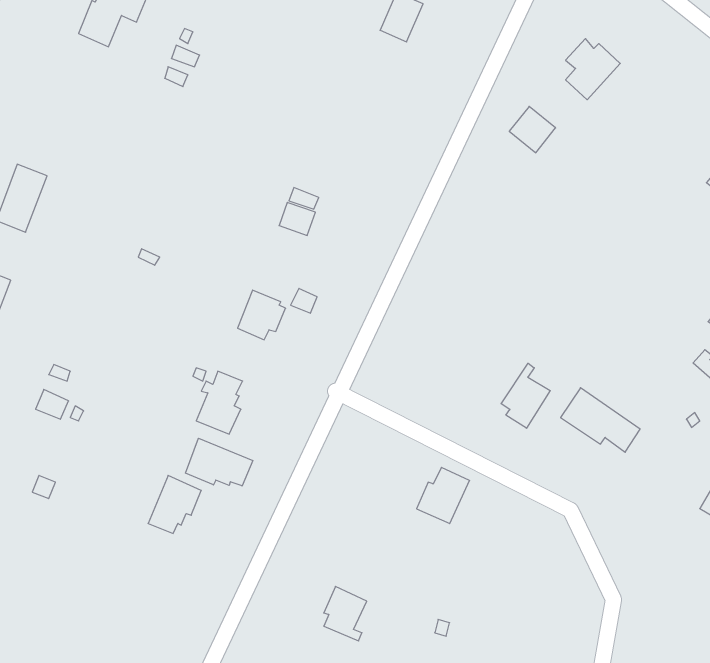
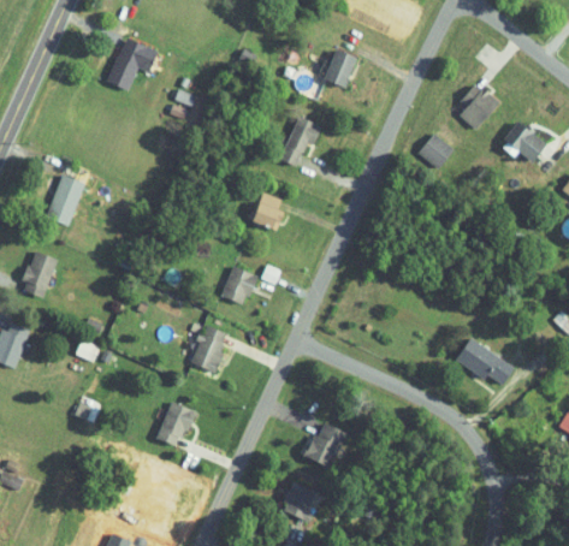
building: none -> [280,117,321,165]
building: none -> [502,121,547,161]
building: [501,363,550,428] -> none
building: [186,438,253,486] -> none
building: [417,467,470,524] -> [306,425,344,465]

